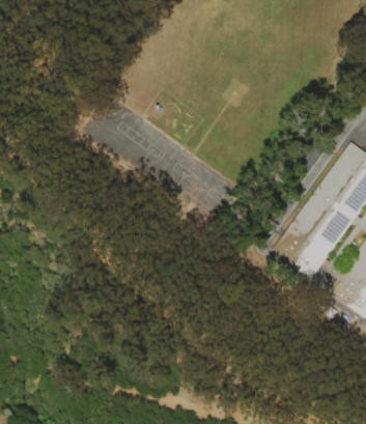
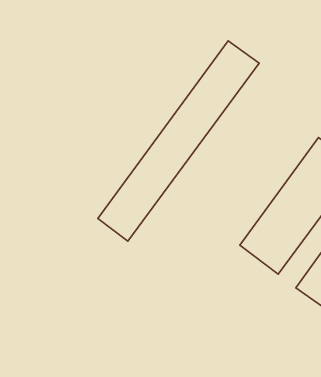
building: none -> [98,41,259,241]

